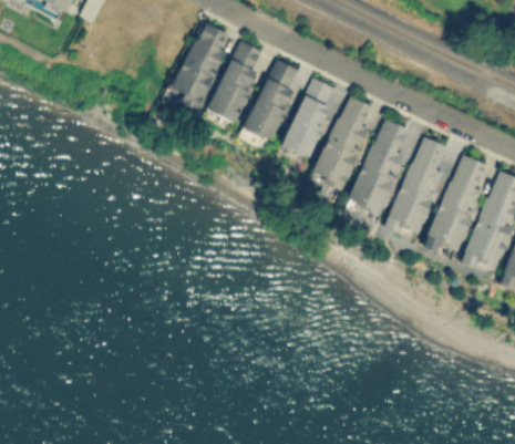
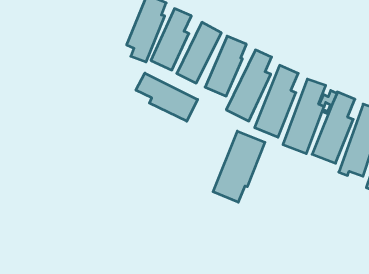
building: none -> [136,73,198,121]
building: none -> [213,131,265,202]

